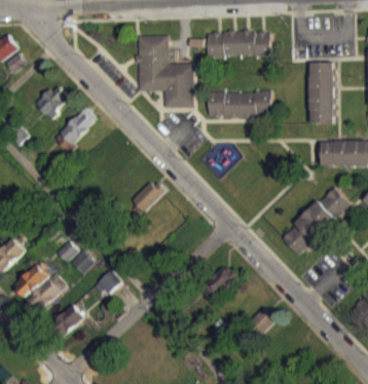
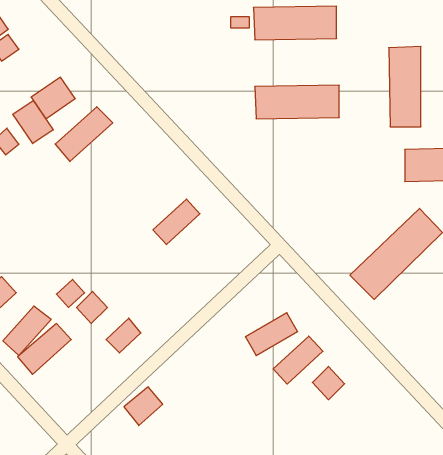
building: [137,35,192,107] -> none
building: none -> [13,100,53,144]
building: none -> [273,336,323,384]
building: [53,304,83,334] -> [124,387,163,426]

